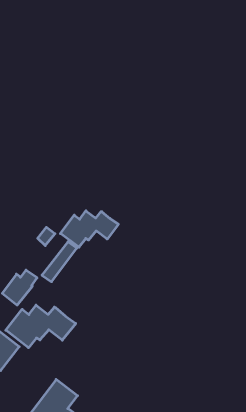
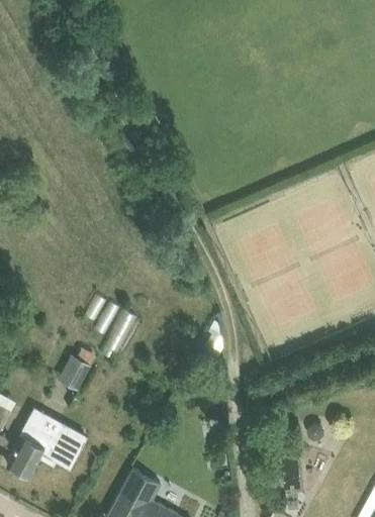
building: [60,211,118,247] -> none
building: [6,305,76,348] -> none

